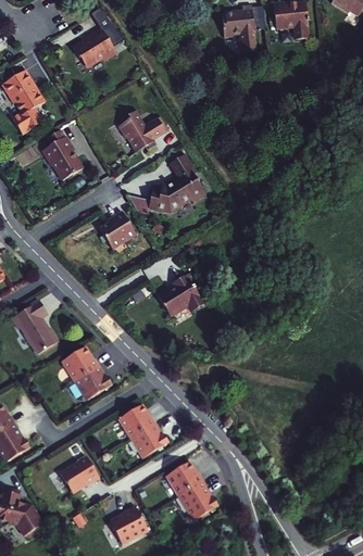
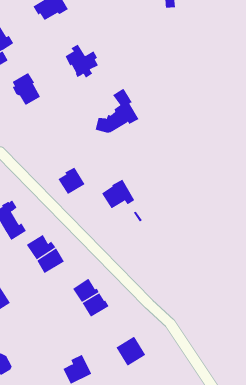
building: [99,215,136,252] -> [57,167,86,195]
building: [62,454,102,492] -> none
building: [164,462,204,496] -> none

